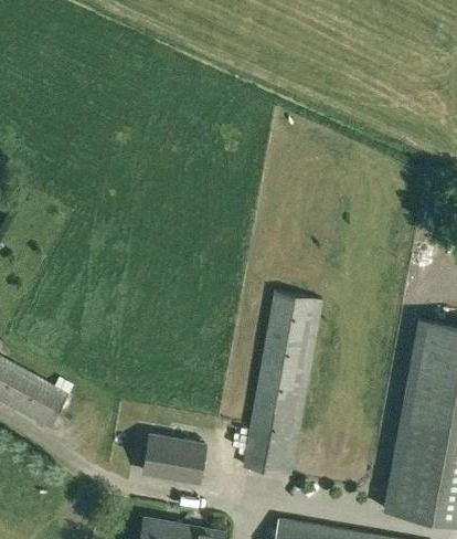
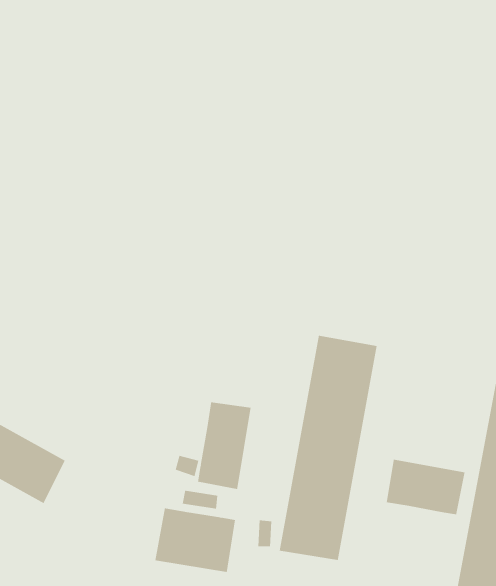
building: none -> [198,401,251,490]
building: none -> [386,459,465,515]

